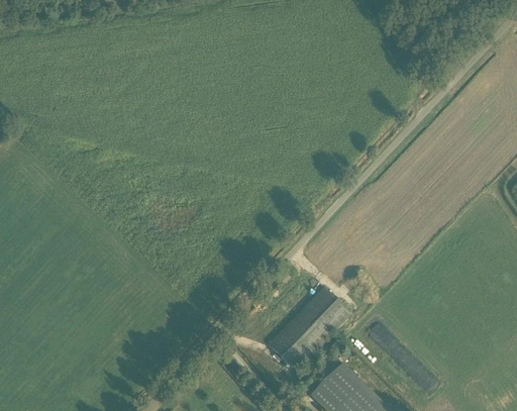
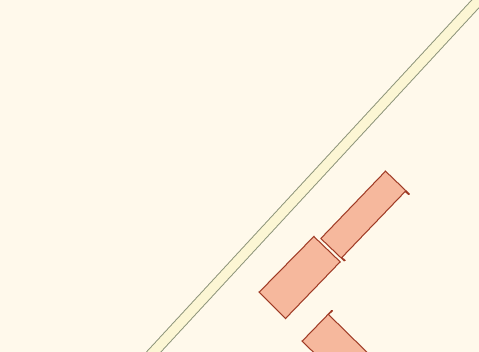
building: none -> [321,171,409,261]

